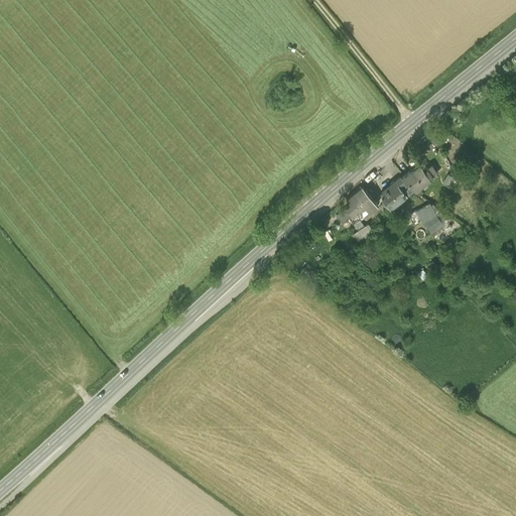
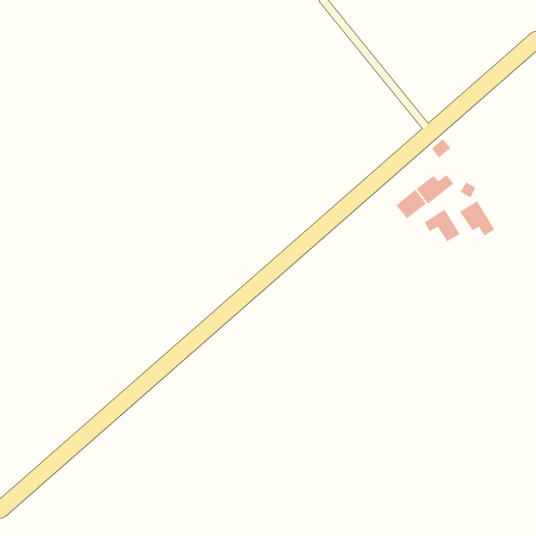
building: [337,185,381,227] -> none
building: none -> [459,200,495,236]

